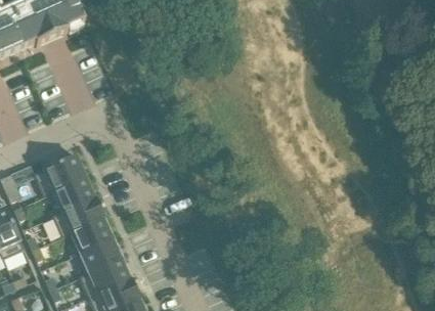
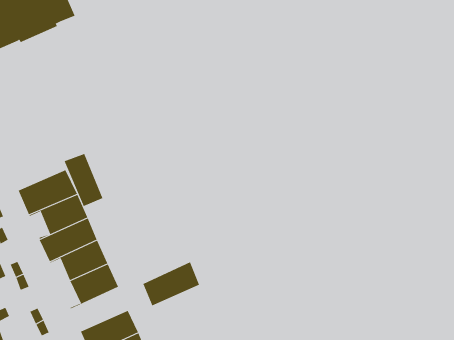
building: none -> [64,153,103,207]
building: [81,256,131,295] -> [143,261,200,306]

